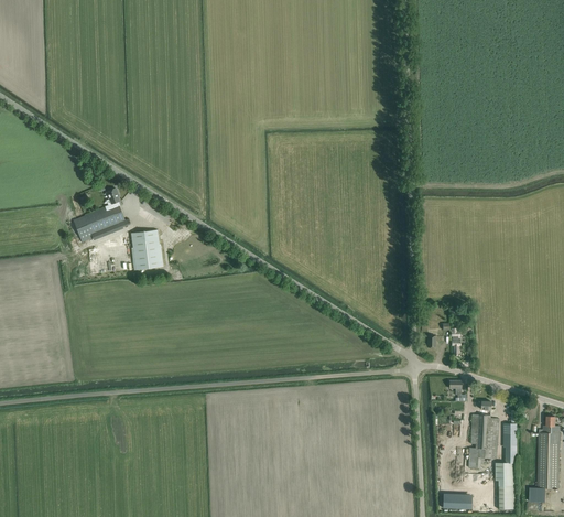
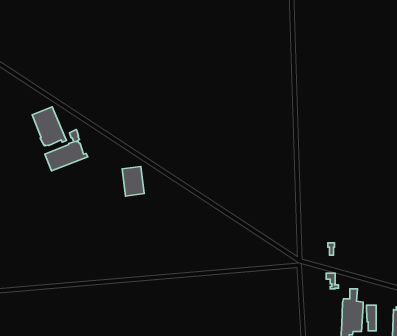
building: none -> [32,107,66,146]
building: [131,230,161,270] -> [122,166,144,196]

